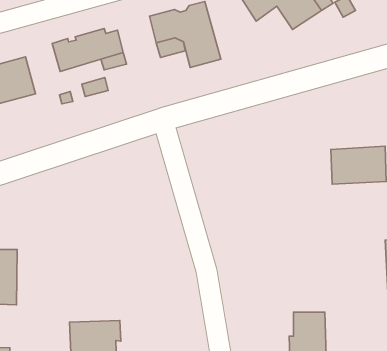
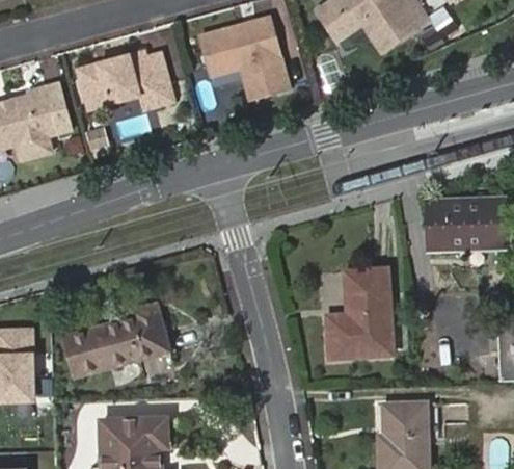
building: none -> [325,271,386,359]
building: none -> [60,303,166,377]

